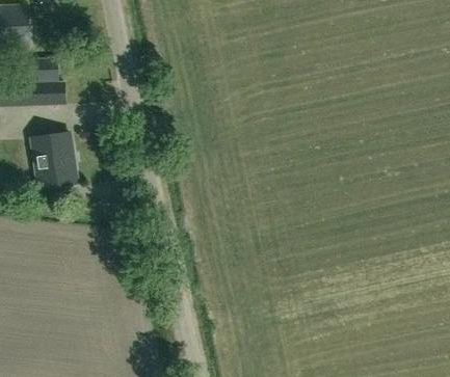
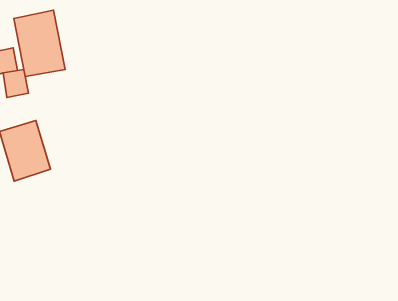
building: none -> [14,10,65,77]

